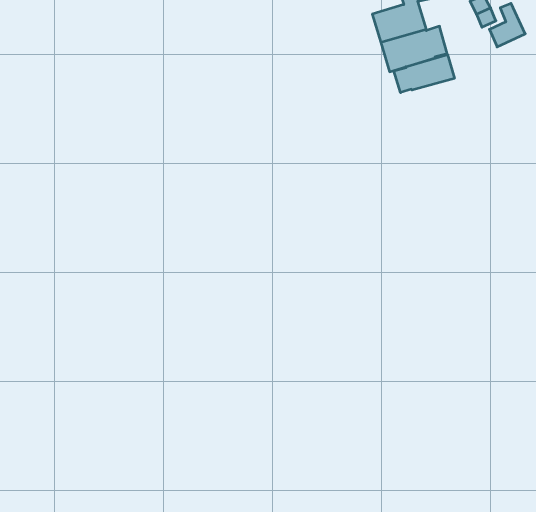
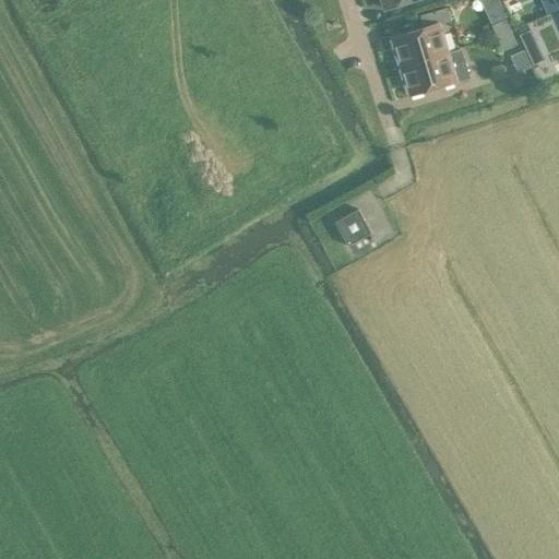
building: [394,54,454,93] -> none
building: none -> [334,210,370,247]

